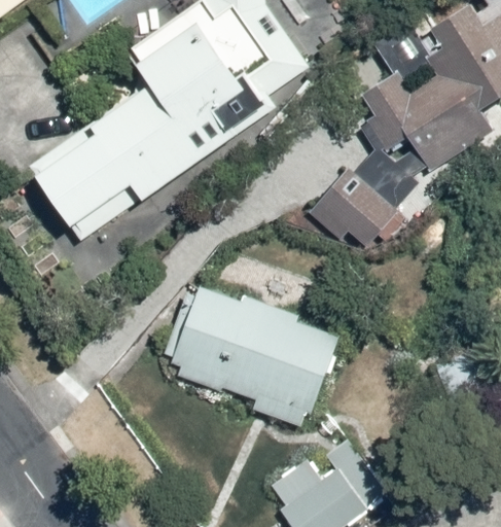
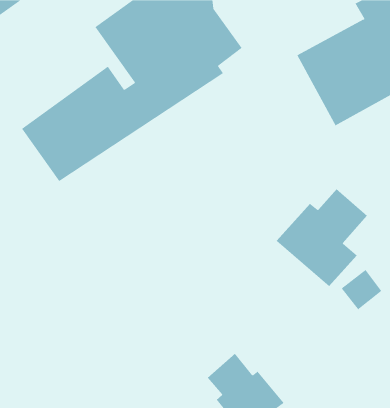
building: [302,141,420,267] -> [276,188,368,287]
building: [172,286,347,431] -> none

